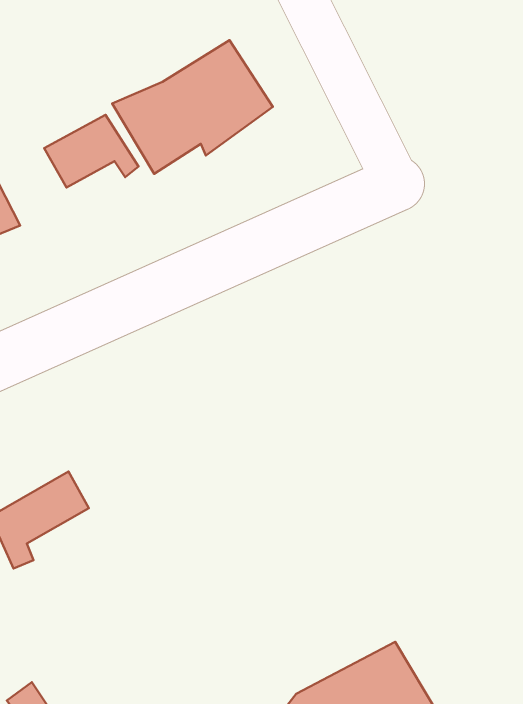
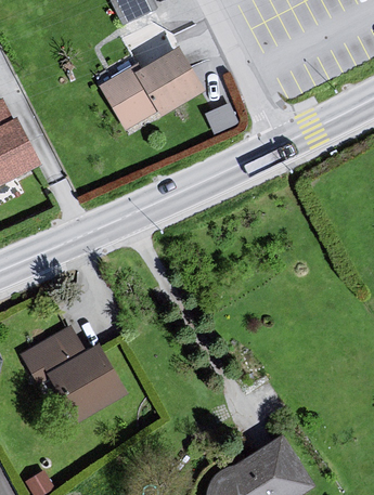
building: [44,115,138,188] -> none
building: none -> [43,344,127,424]

